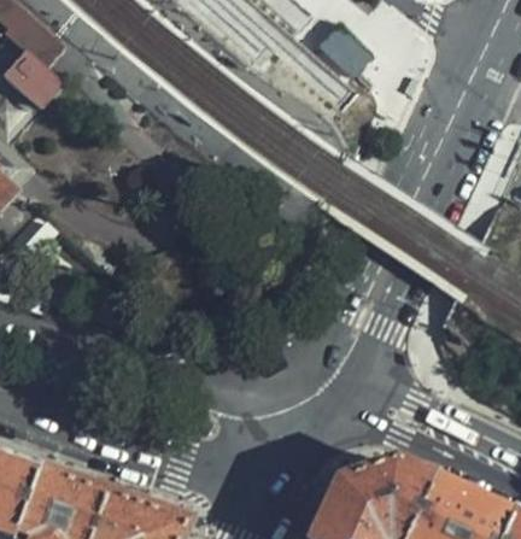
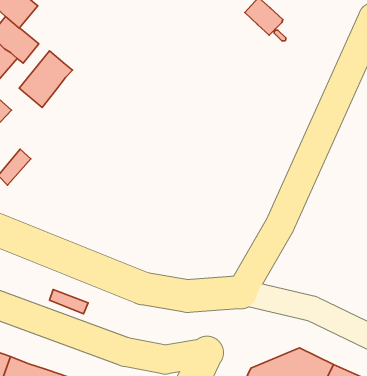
building: none -> [19,51,72,107]

